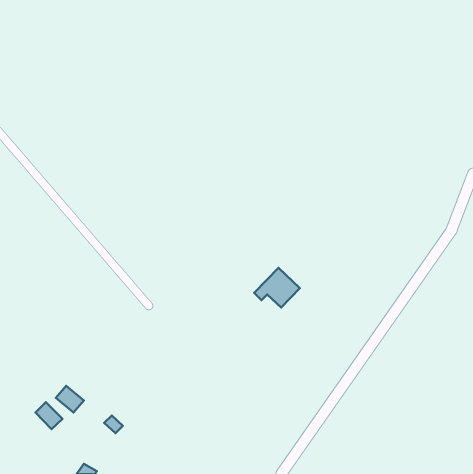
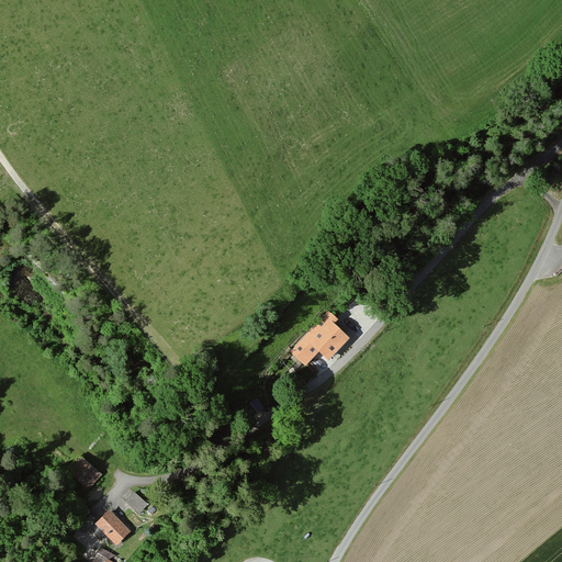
building: [36,402,63,429] -> [94,510,126,542]

